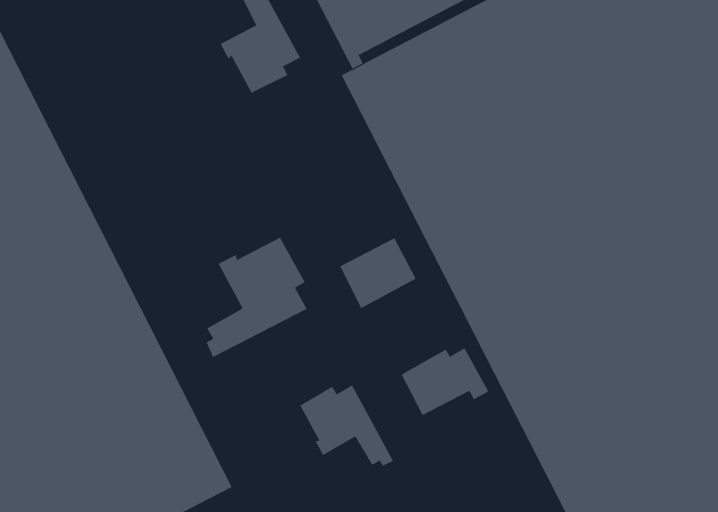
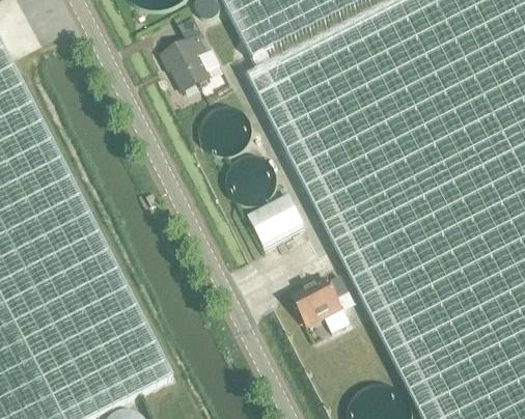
building: [206,237,308,358] -> none
building: [299,385,394,467] -> none

